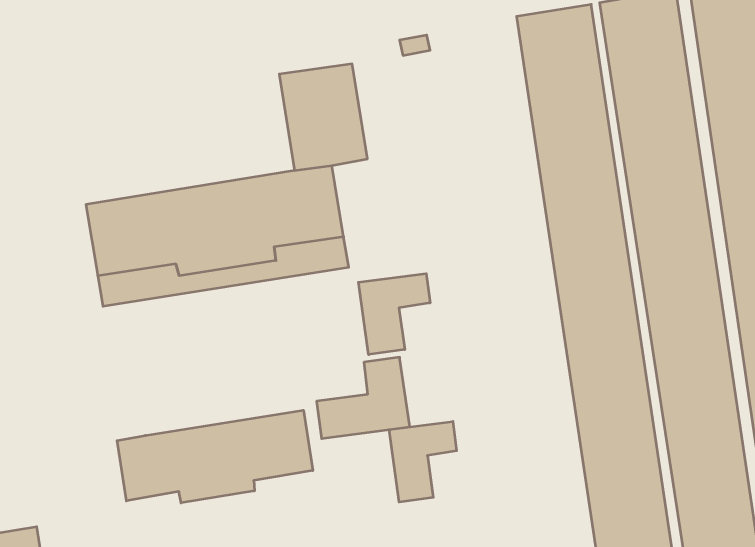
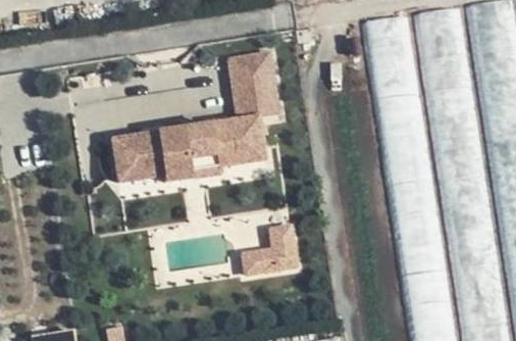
building: [358,274,430,355] -> none
building: [117,410,313,503] -> none
building: [389,421,457,502] -> none

